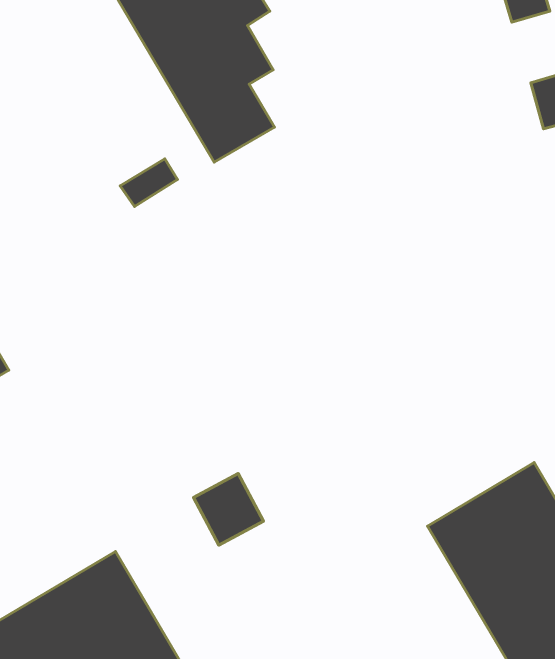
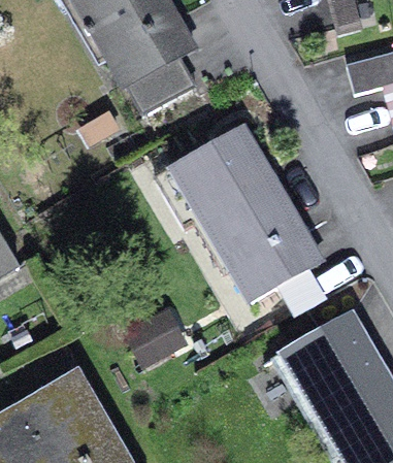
building: none -> [173,128,307,302]

